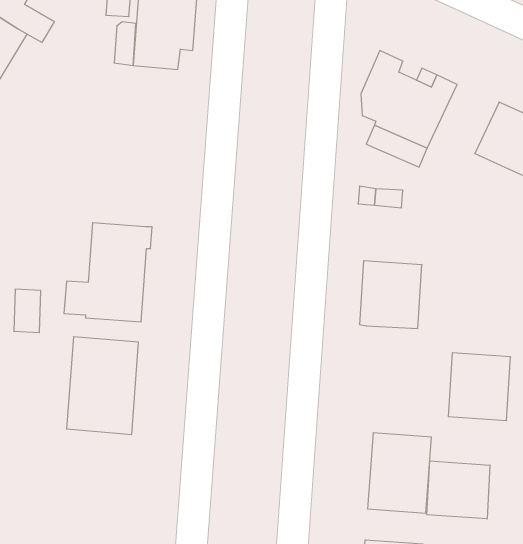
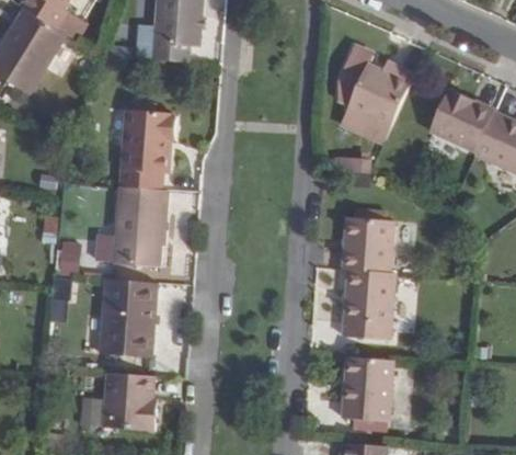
building: none -> [119,110,176,190]
building: [448,353,511,421] -> [337,270,388,325]
building: none -> [103,372,156,431]
building: [427,461,490,519] -> none

